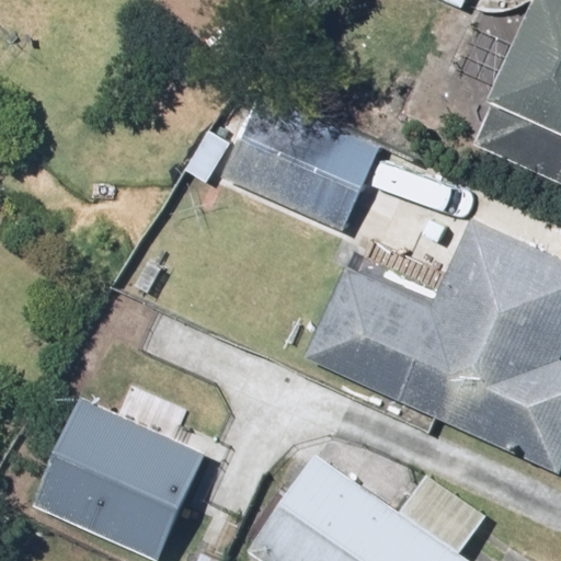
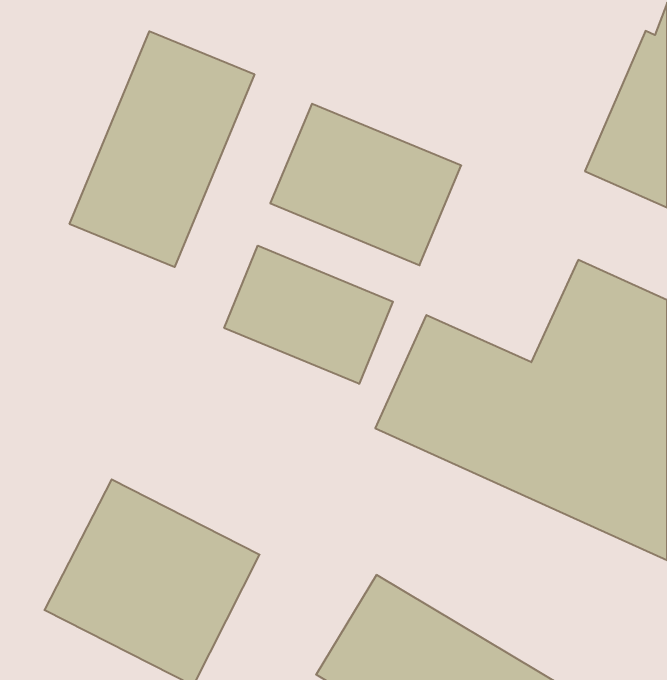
building: none -> [70,31,254,267]
building: none -> [224,246,393,384]

